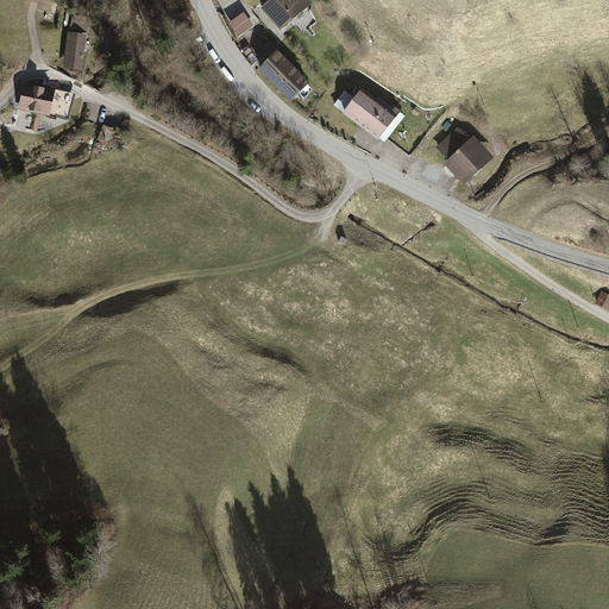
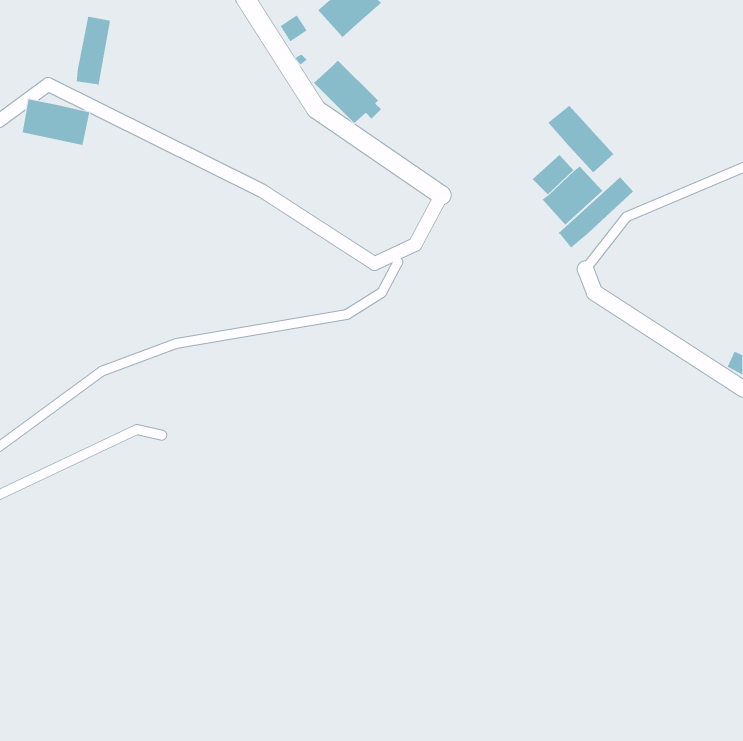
building: none -> [547,105,614,173]
building: [344,87,401,140] -> none
building: none -> [557,177,634,248]

